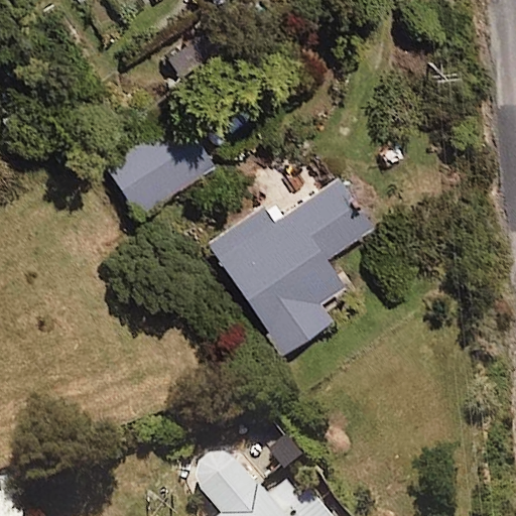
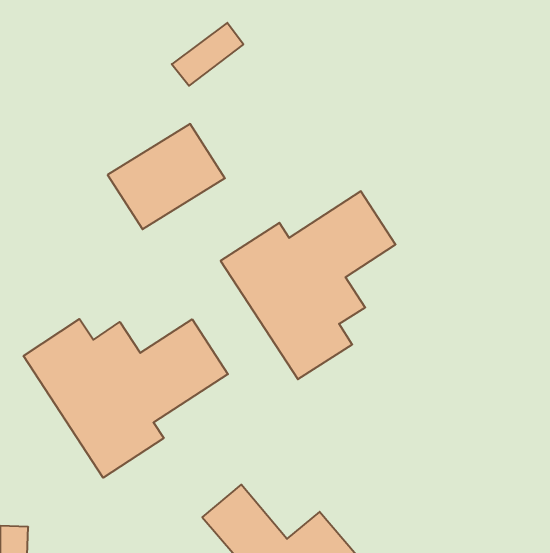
building: none -> [24,319,228,478]

